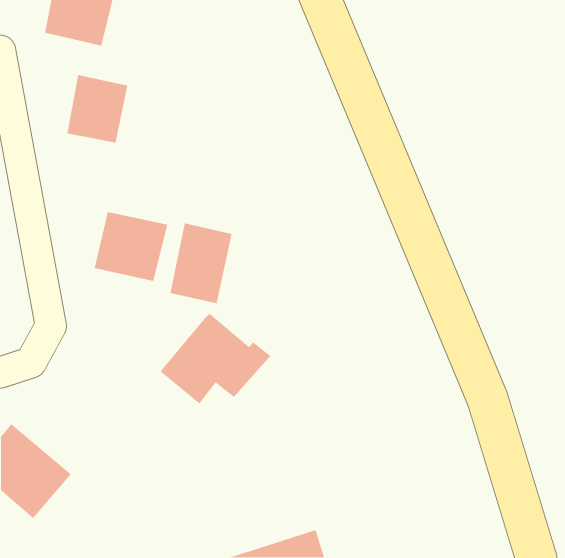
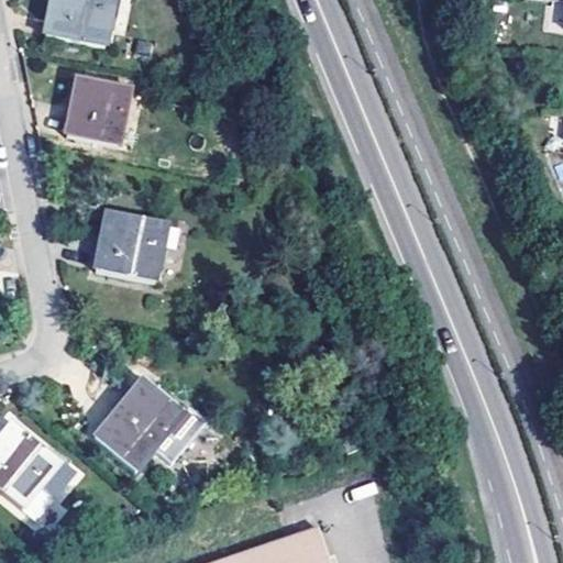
building: [170,223,233,304] -> none
building: [160,313,271,405] -> [95,378,206,470]

